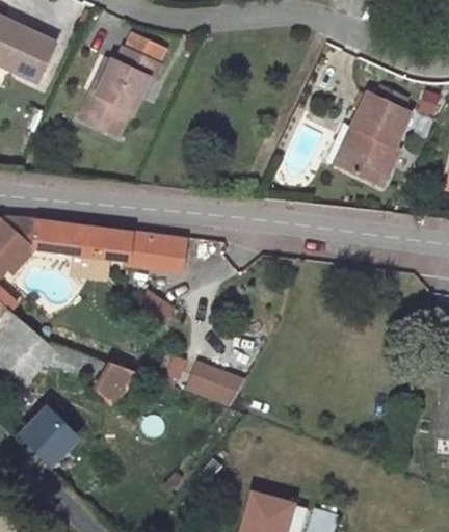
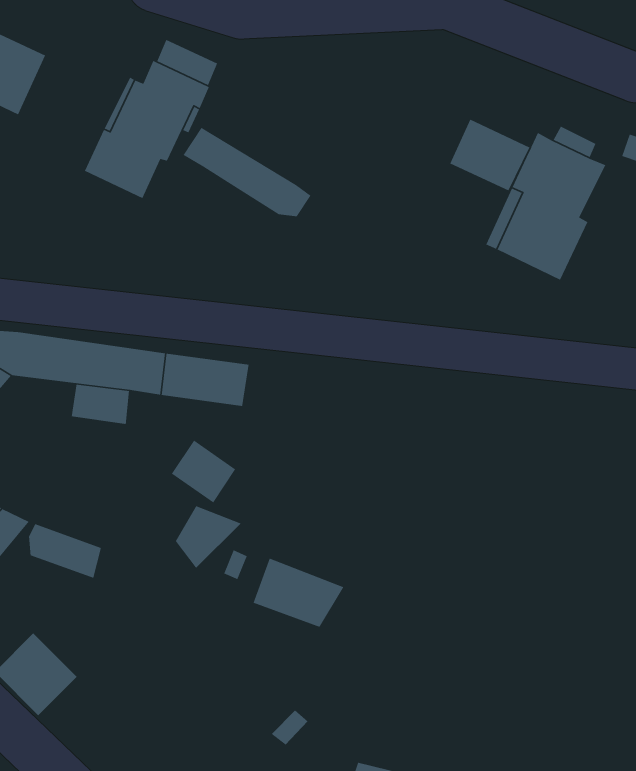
building: none -> [449,118,531,192]
building: none -> [183,127,311,217]
building: [96,363,138,403] -> [175,505,242,569]

